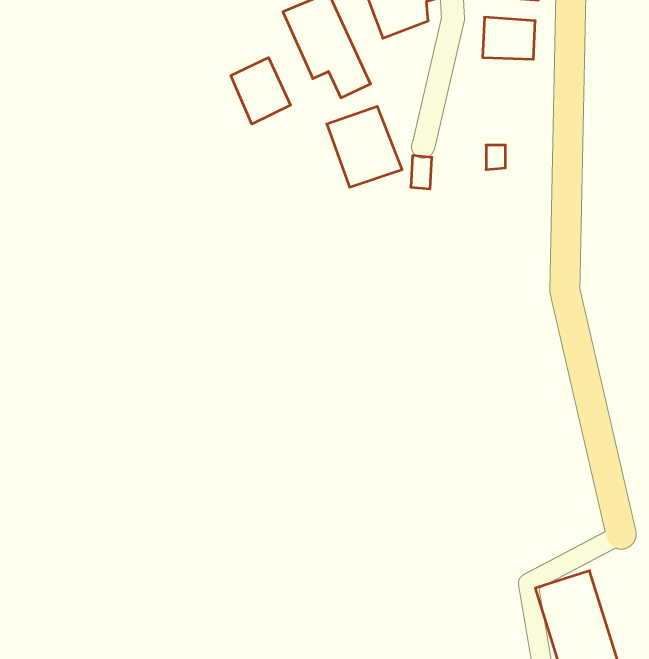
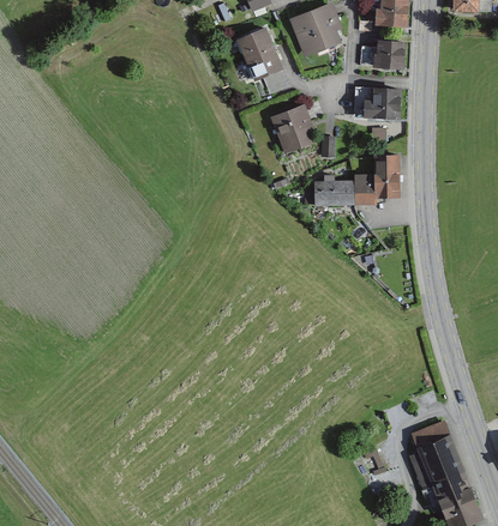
building: [231,58,291,124] -> none
building: none -> [362,90,402,120]
building: none -> [313,157,403,206]

